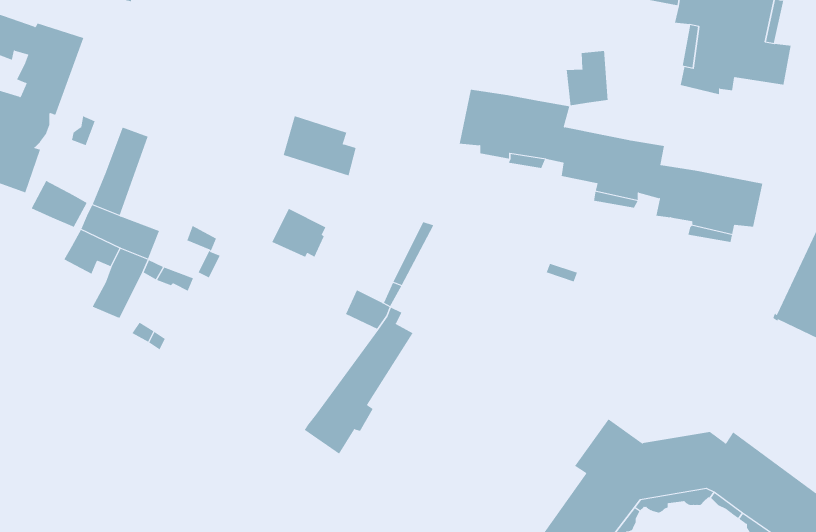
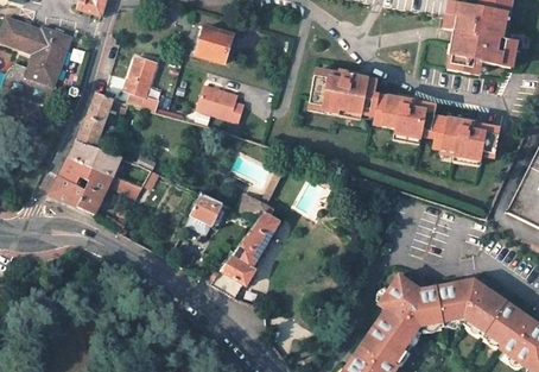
building: none -> [196,25,233,62]
building: [566,50,608,106] -> none
building: none -> [123,56,158,109]
building: [31,180,87,227] -> [50,175,85,204]
building: [271,208,326,257] -> [190,193,224,223]

